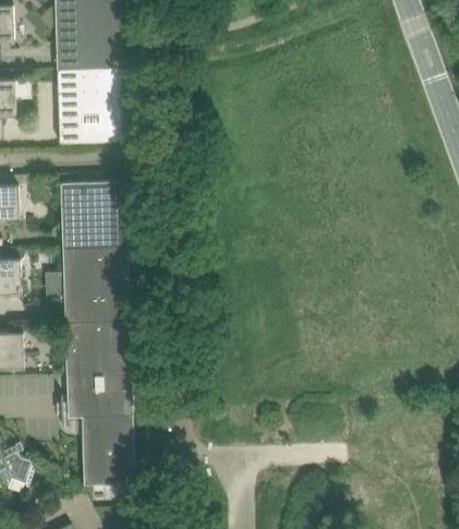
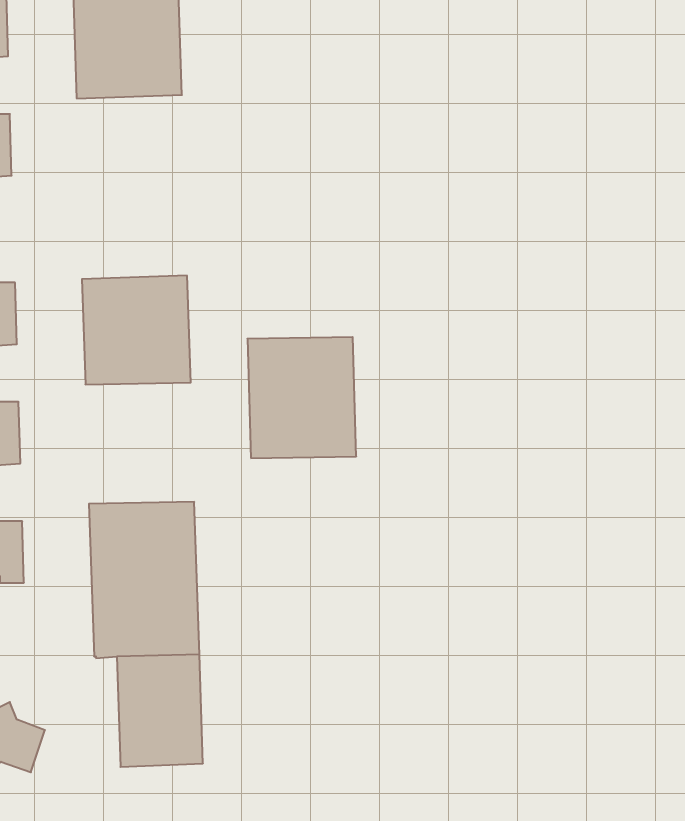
building: [56,68,123,143] -> none
building: [61,247,129,322] -> [247,337,356,458]

